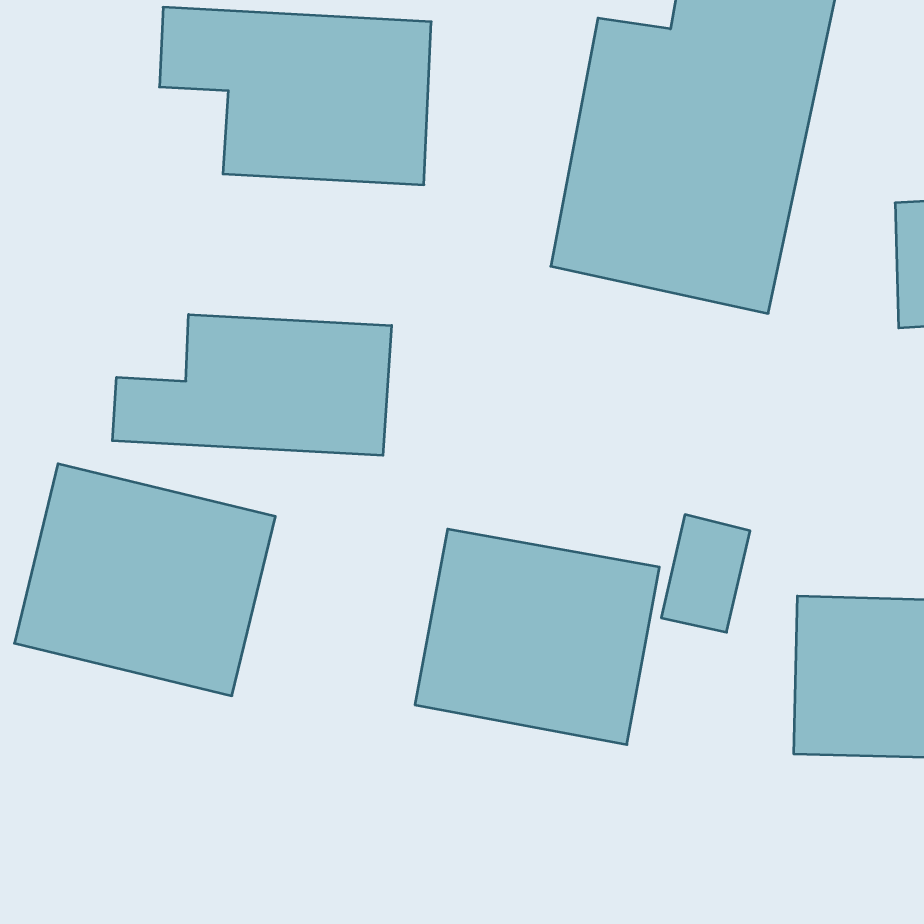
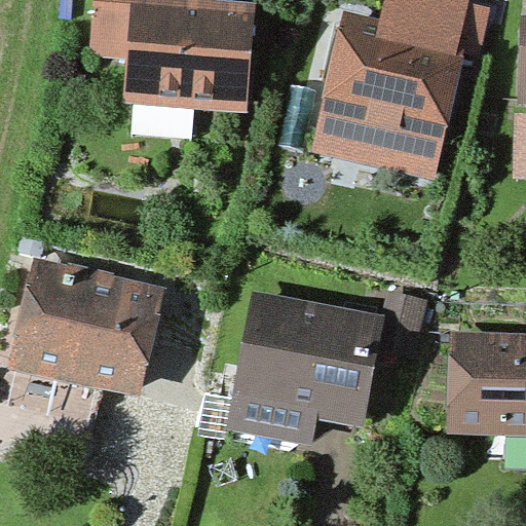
building: [112,314,392,455] -> none

